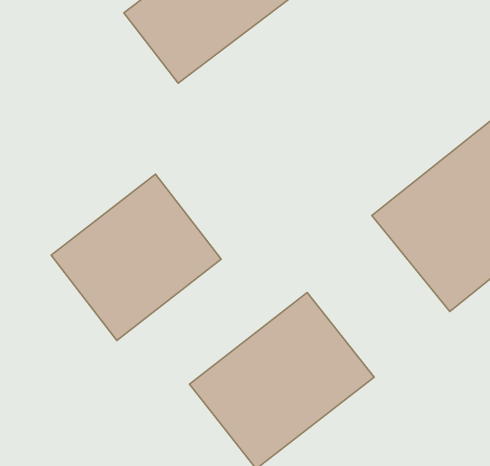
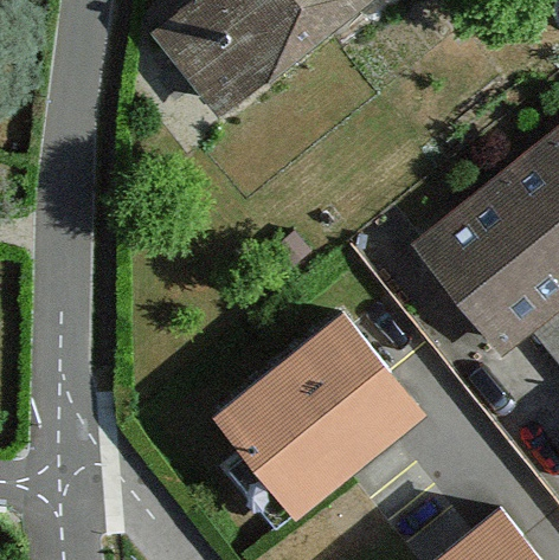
building: [51,174,221,340] -> none

